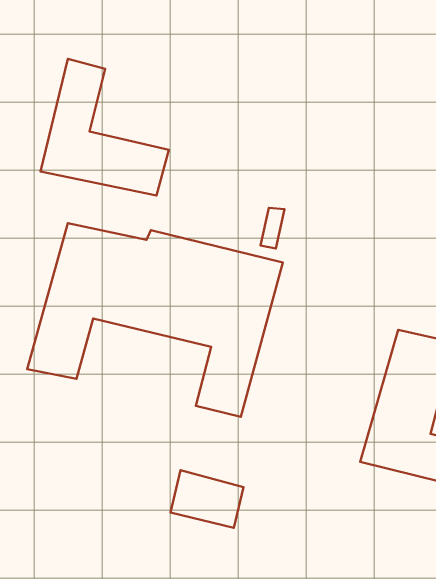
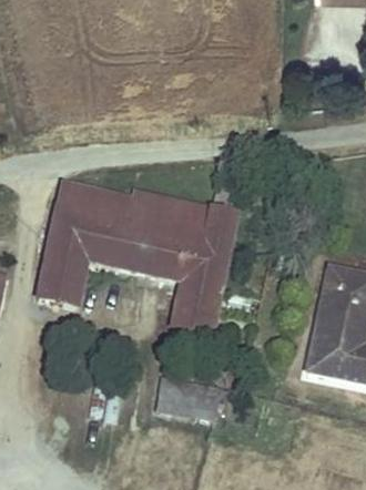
building: [40,59,169,196] -> none

